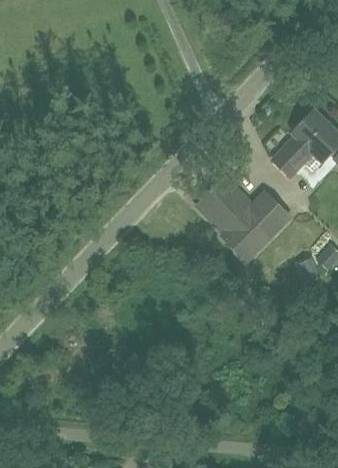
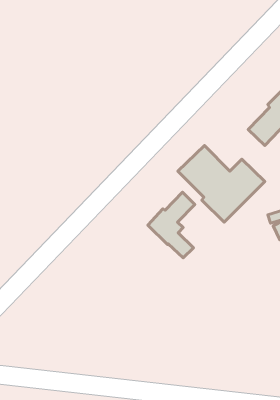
building: none -> [148,192,195,258]

